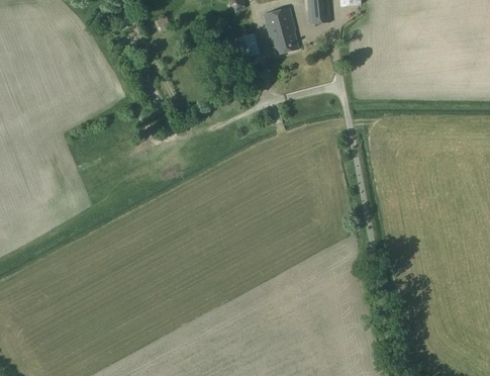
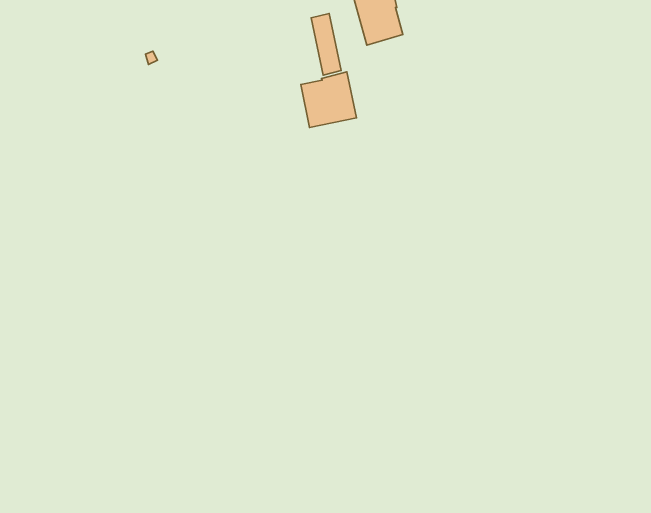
building: none -> [301,72,357,127]

